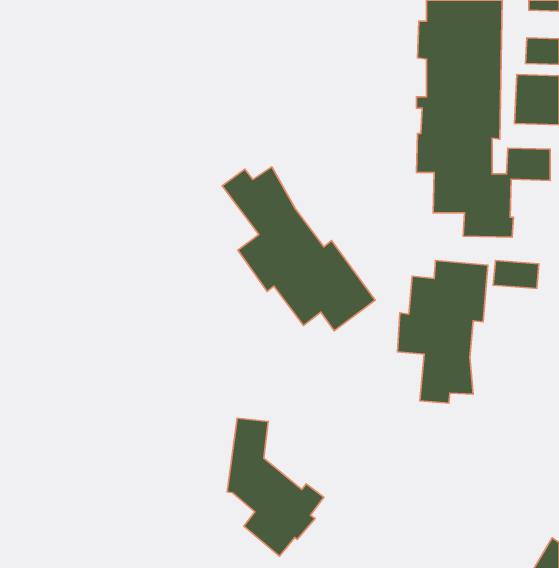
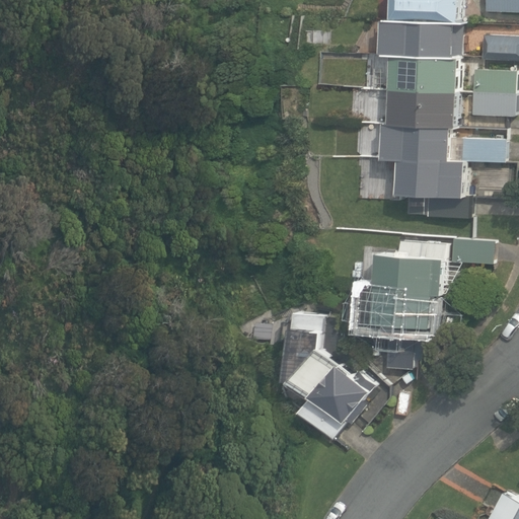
building: [222,167,375,331] -> none
building: [227,418,324,556] -> [283,312,371,438]

